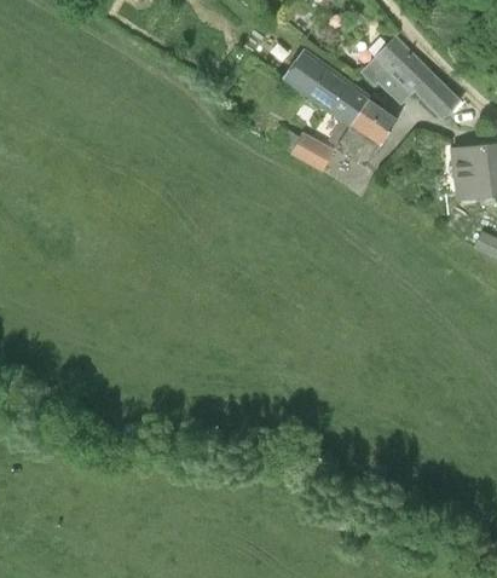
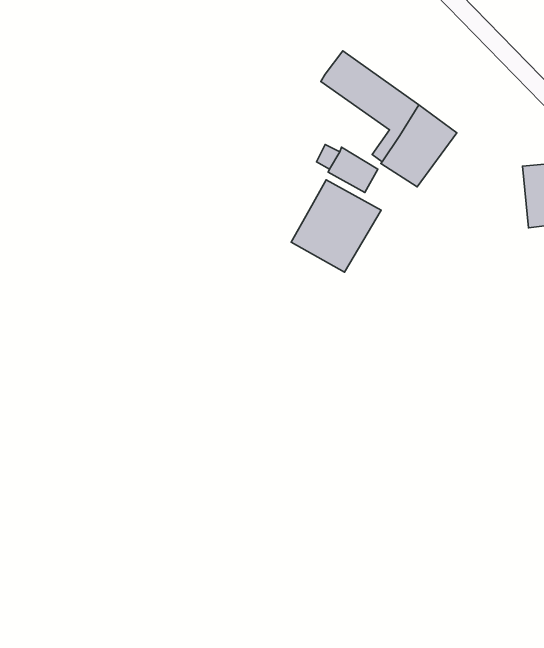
building: [359,35,461,117] -> none
building: none -> [291,180,381,272]

